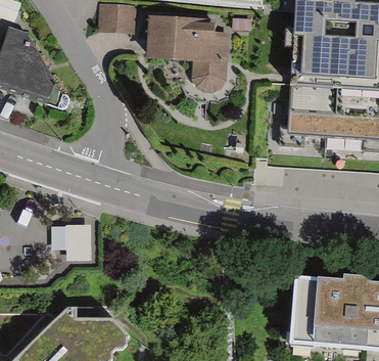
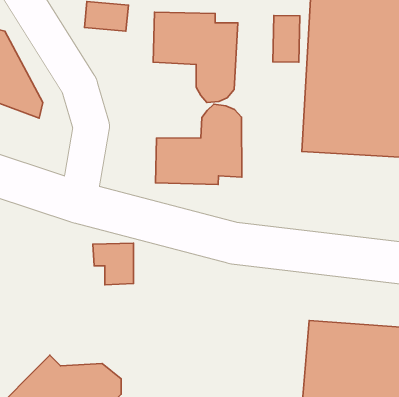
building: none -> [273,15,300,62]
building: none -> [156,104,242,185]
building: [56,222,91,258] -> [93,243,133,285]

